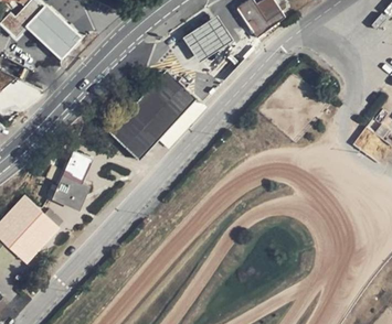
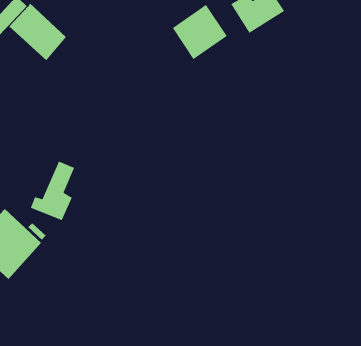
building: [109,72,195,161] -> none

